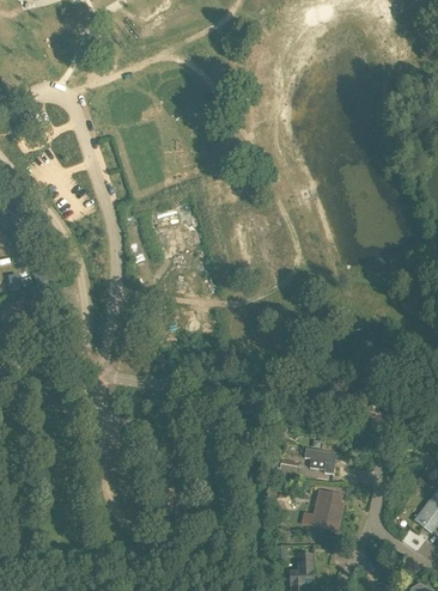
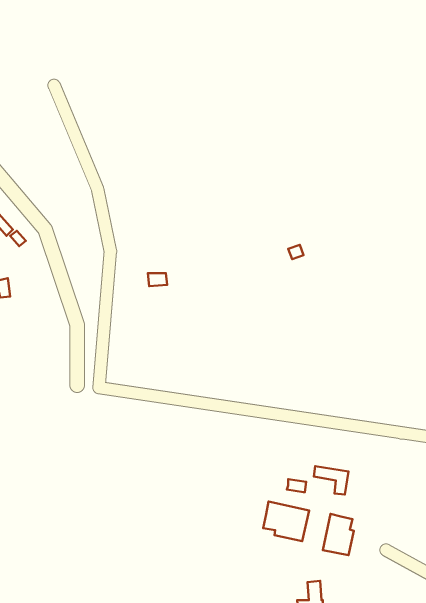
building: none -> [263,502,309,541]

